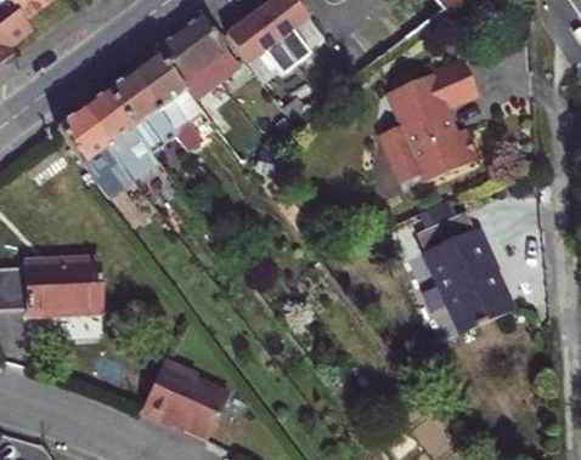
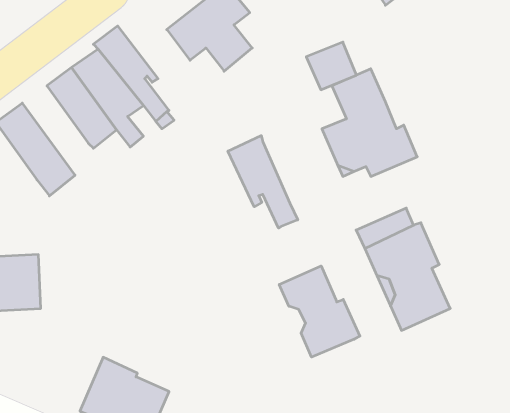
building: [177,13,232,83] -> none
building: [429,58,479,106] -> [306,42,356,90]
building: [83,90,159,178] -> none
building: none -> [228,136,298,228]
building: none -> [279,266,360,357]

